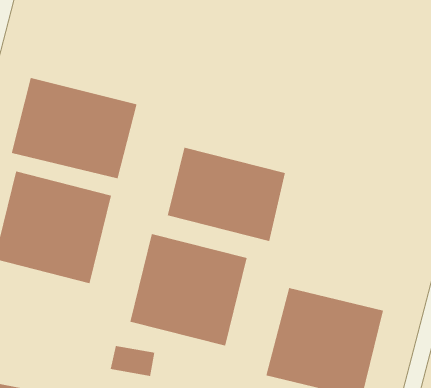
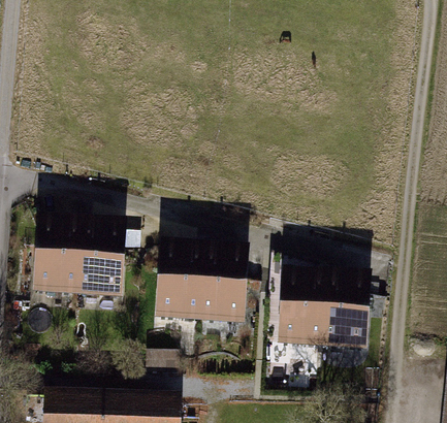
building: [11,77,137,179] -> none
building: [167,147,285,242] -> none

